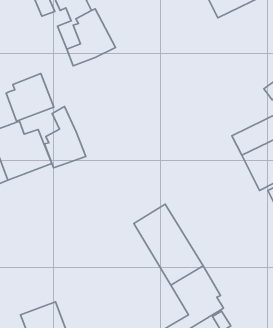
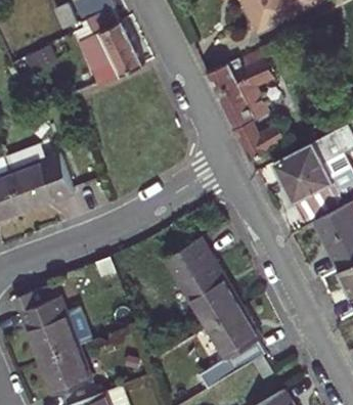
building: none -> [206,49,295,160]
building: [6,74,54,121] -> none
building: [45,107,86,168] -> none
building: none -> [20,297,78,359]

